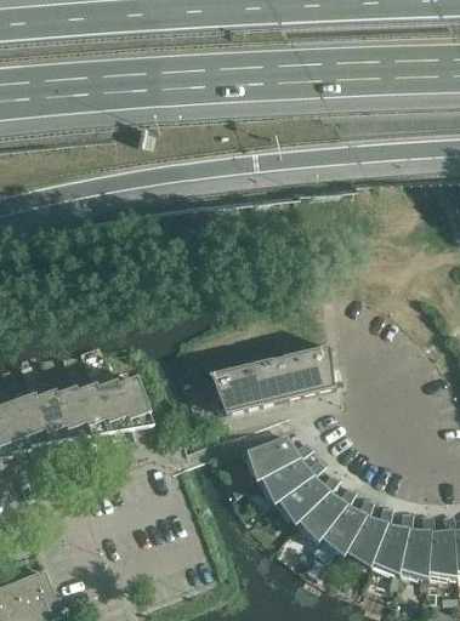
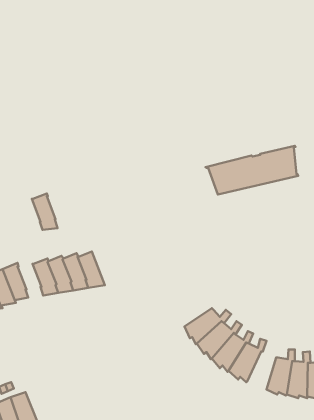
building: [209,344,336,411] -> [206,146,298,195]
building: [29,389,64,439] -> [32,194,57,230]
building: [237,433,311,480] -> none
building: [345,505,391,566] -> none

